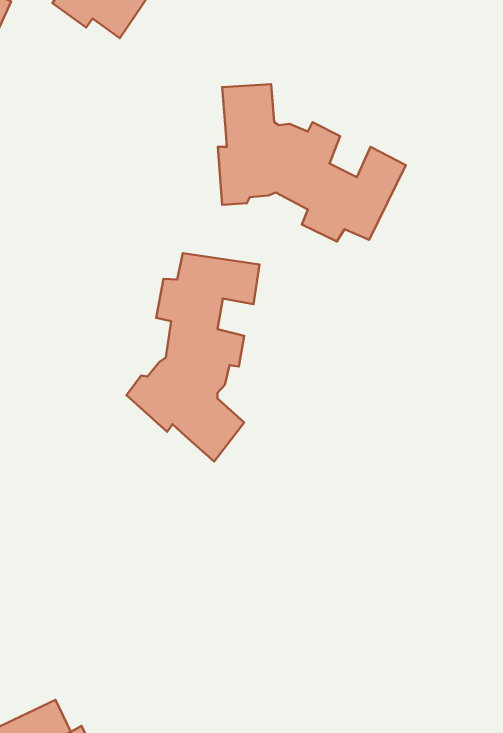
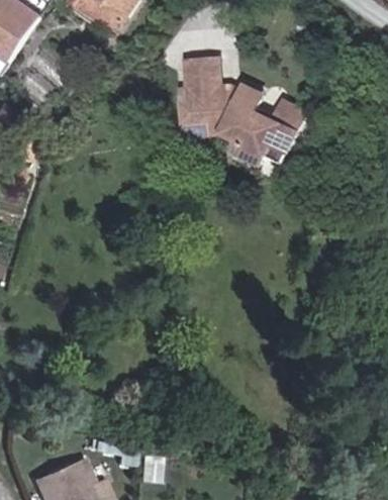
building: [126,253,260,461] -> none

